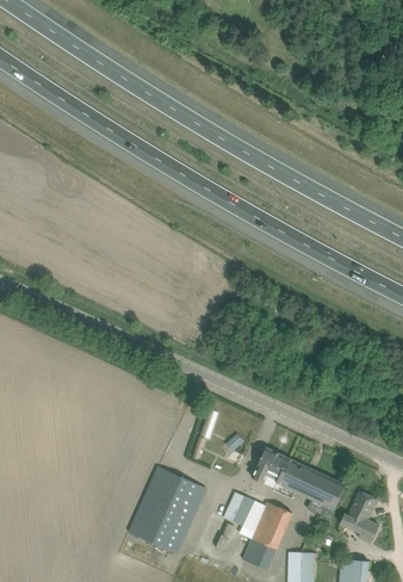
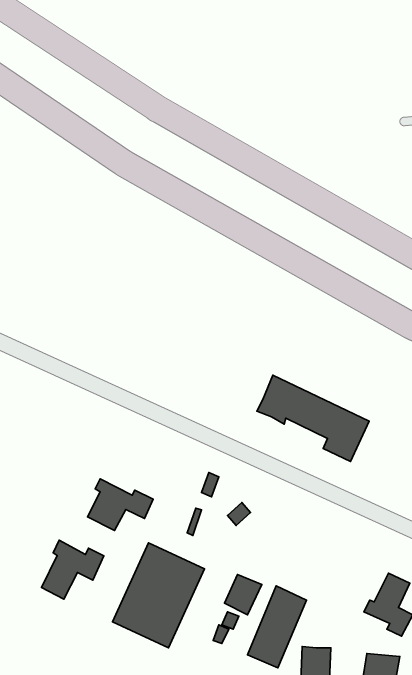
building: none -> [88,479,153,530]
building: [252,447,345,519] -> [257,375,369,461]
building: none -> [42,540,104,599]

